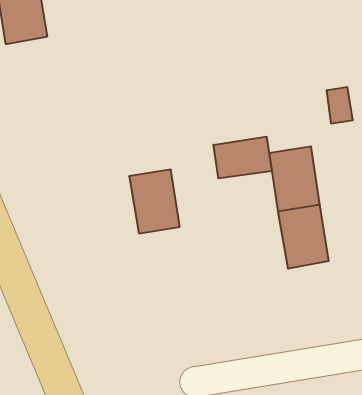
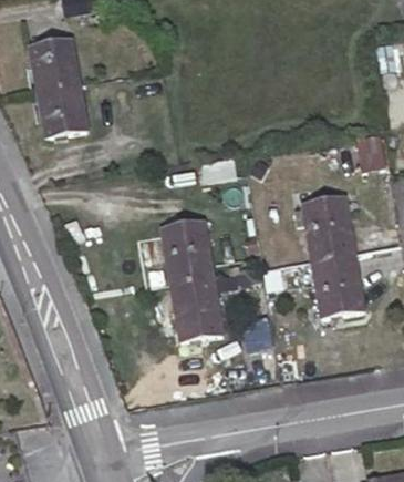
building: none -> [37,83,87,137]
building: [213,137,272,178] -> none
building: none -> [170,275,220,340]

